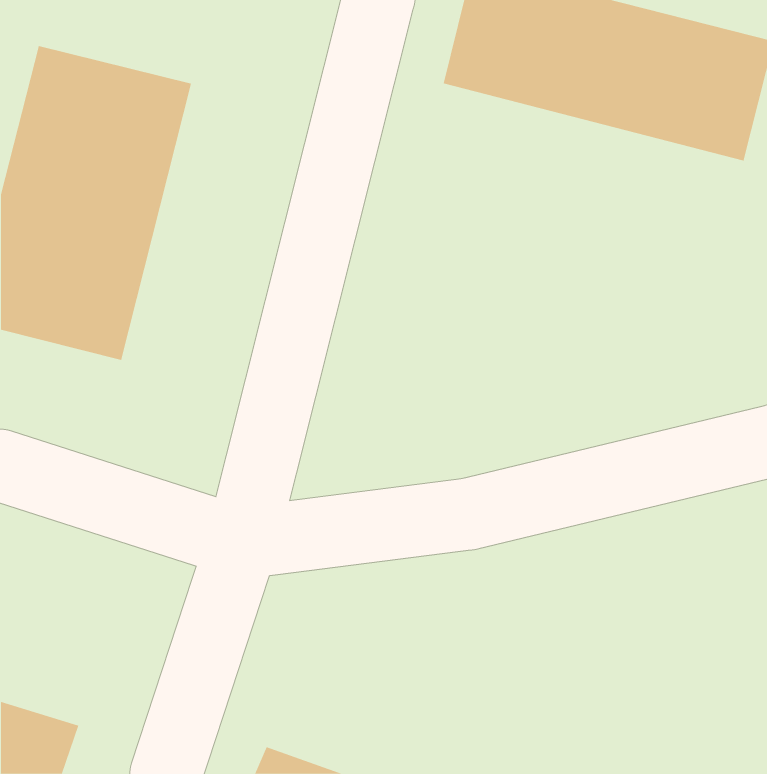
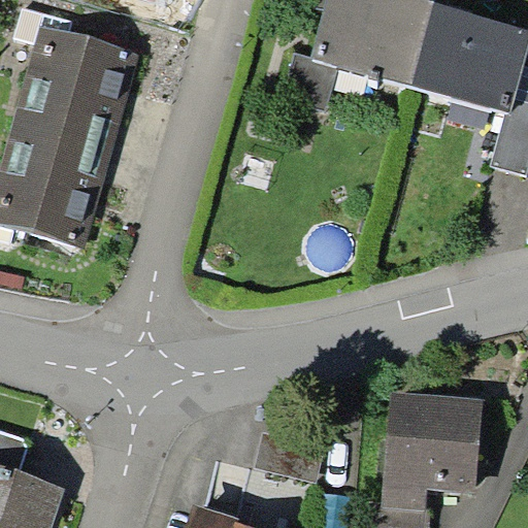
building: none -> [383,395,474,499]

